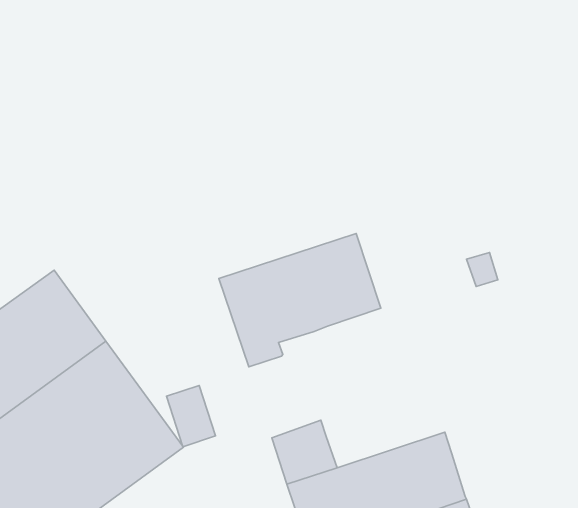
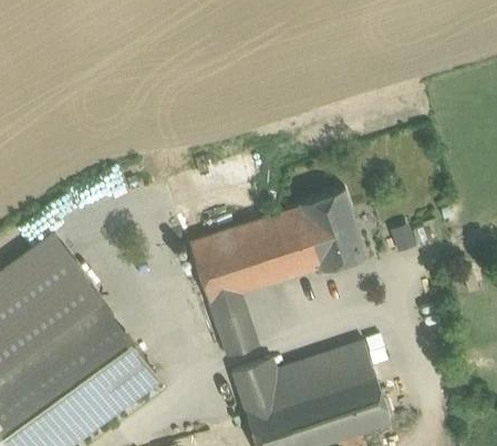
building: none -> [299,188,366,270]
building: [167,385,216,447] -> [213,305,252,355]
building: none -> [276,342,372,396]

